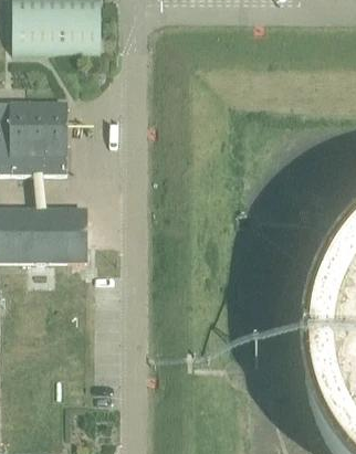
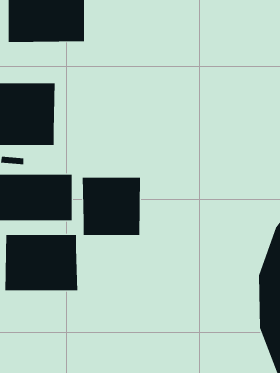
building: none -> [82,177,141,236]
building: none -> [5,234,78,291]

